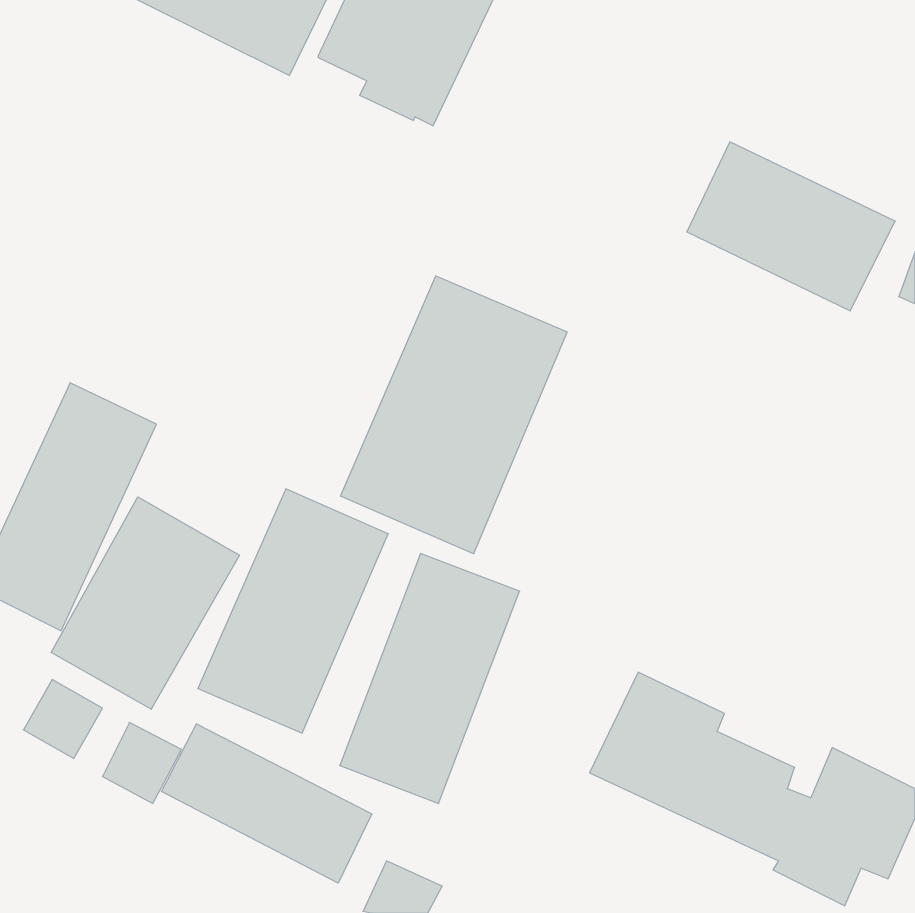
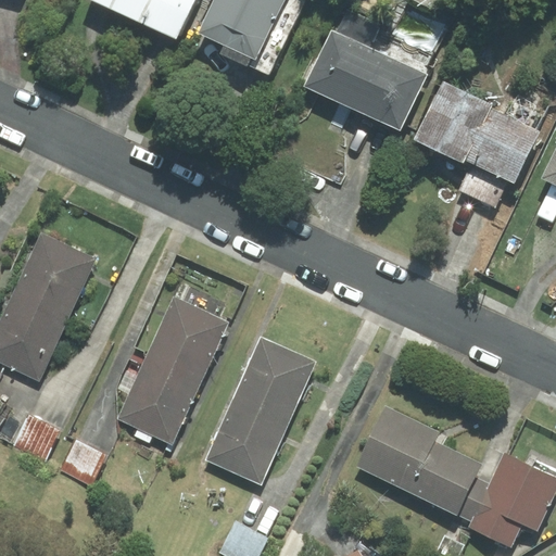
building: none -> [300,18,435,134]
building: [341,276,567,554] -> none
building: [51,497,239,709] -> none
building: [161,724,372,883] -> none

